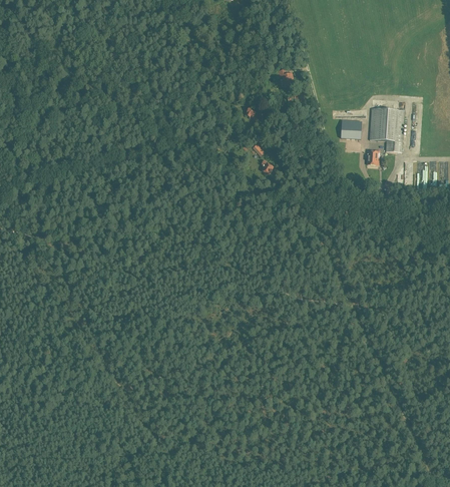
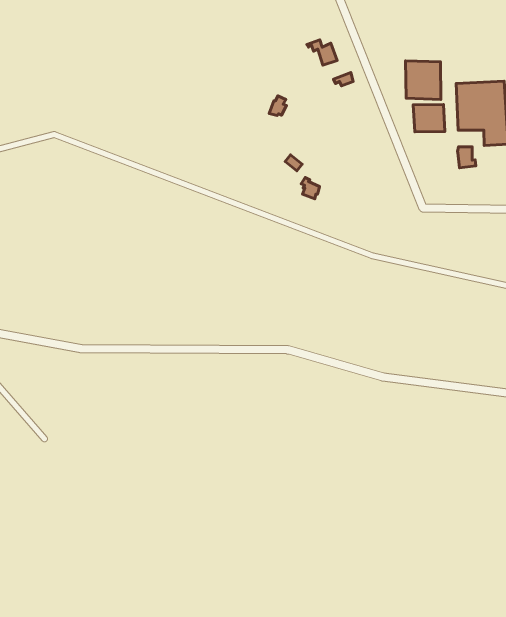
building: none -> [406,61,441,99]

